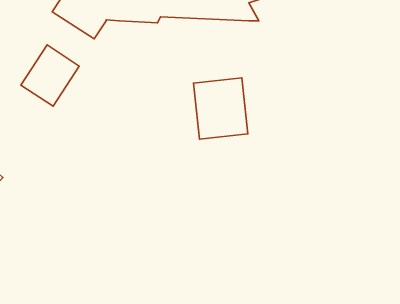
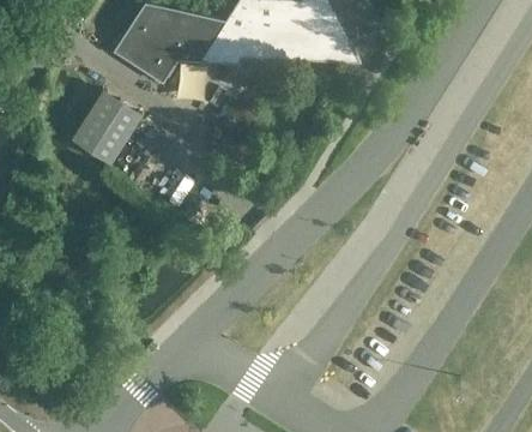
building: [193,78,248,139] -> none

